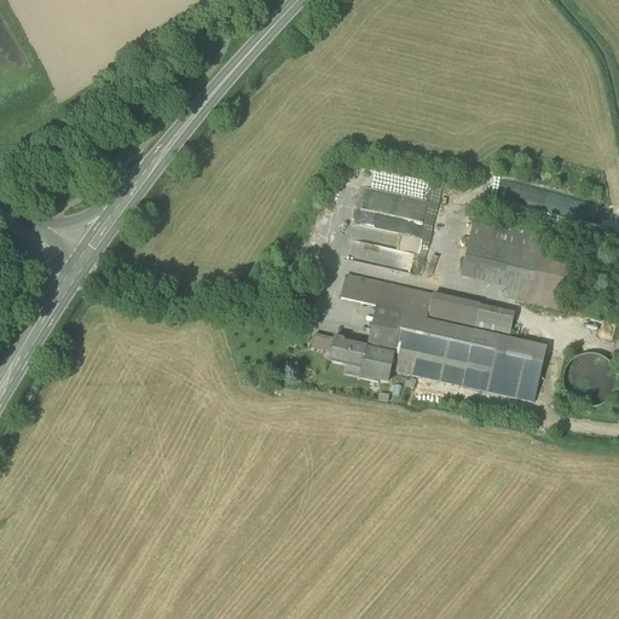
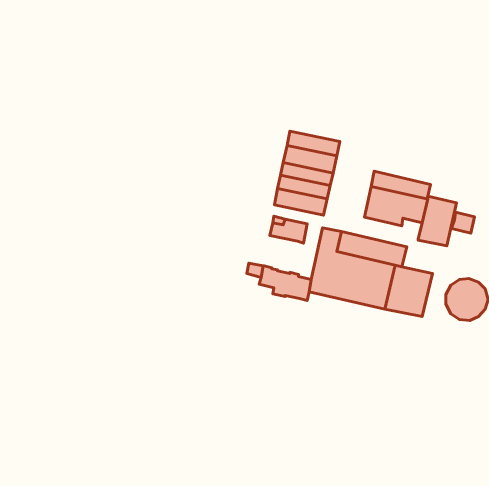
building: [504,276,533,302] -> [452,212,475,233]
building: [368,283,407,353] -> none

